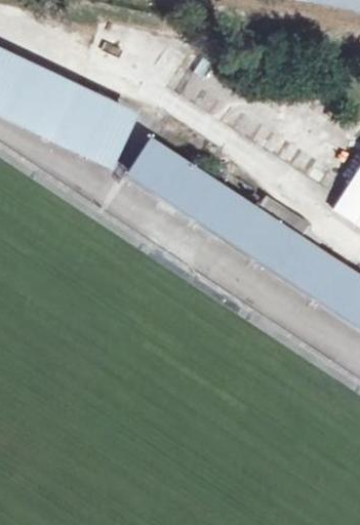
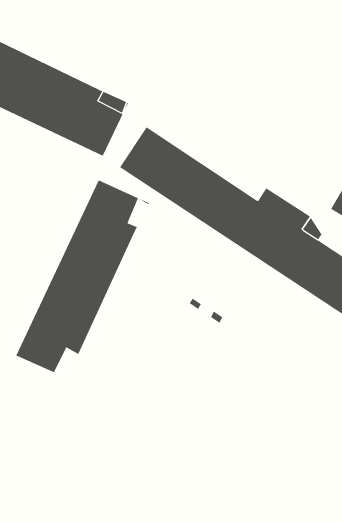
building: none -> [15,179,149,379]

